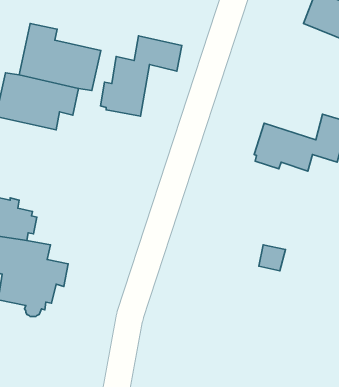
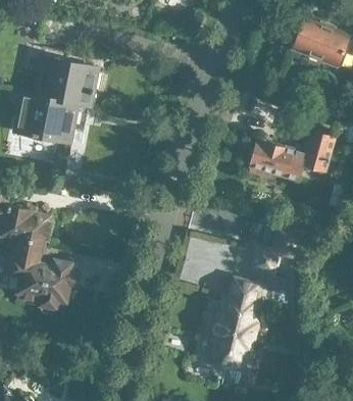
building: [100,36,182,116] -> none
building: none -> [209,281,264,370]

